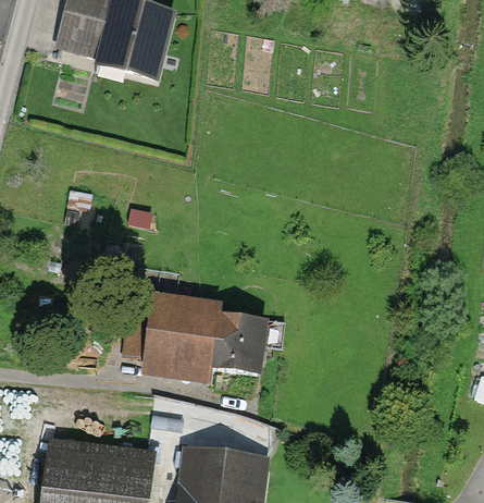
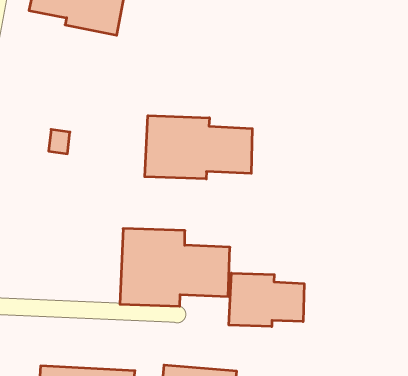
building: none -> [145,116,252,179]
building: none -> [229,273,304,327]

